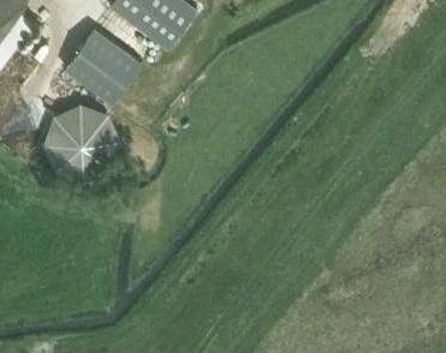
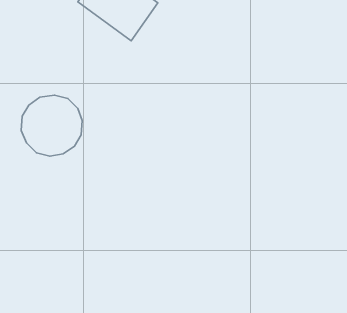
building: [65,31,137,103] -> none

